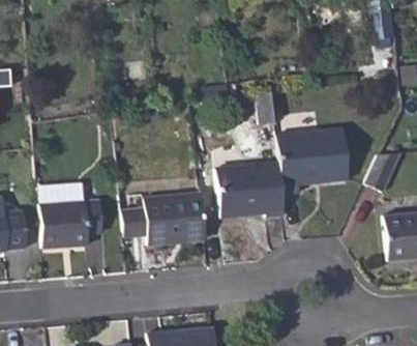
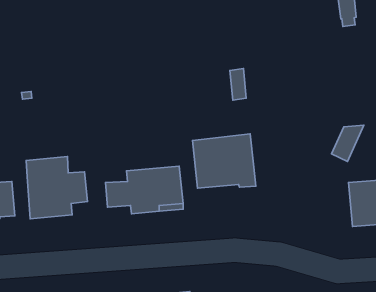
building: [276,128,348,195] -> none

